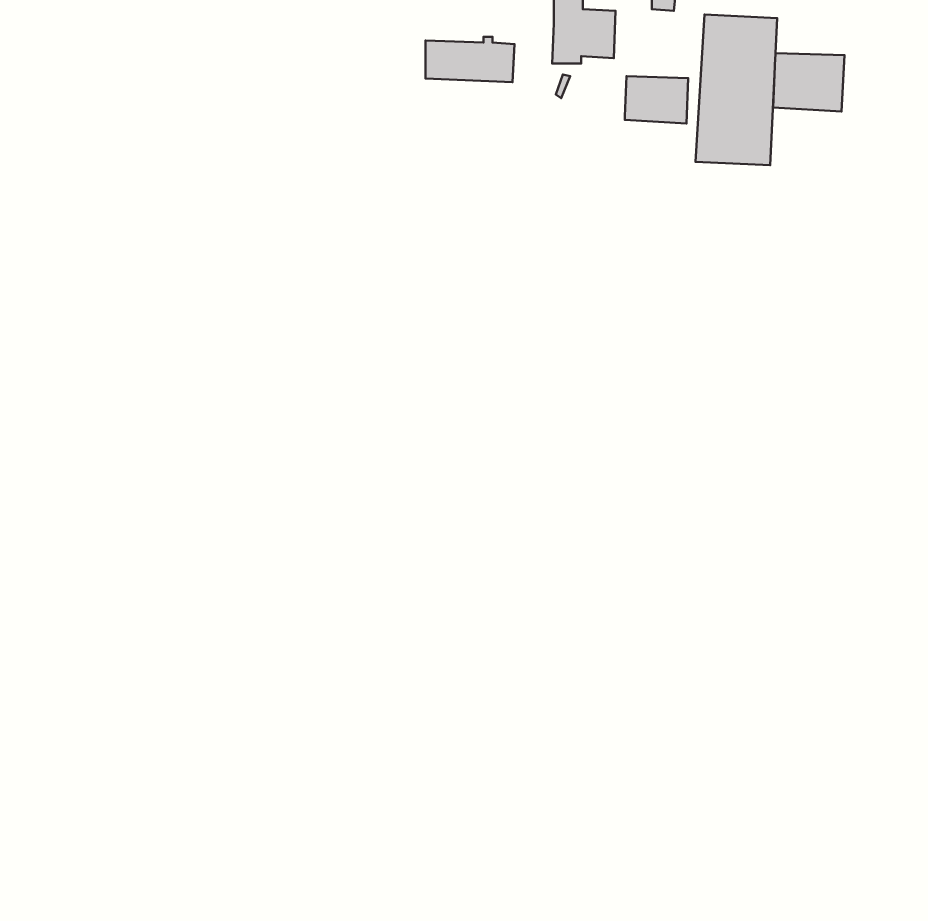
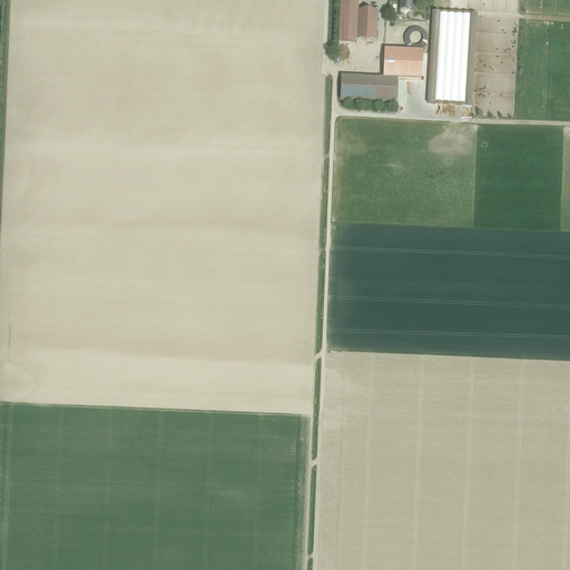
building: [425,37,514,82] -> [342,71,396,99]
building: [773,53,844,112] -> none

